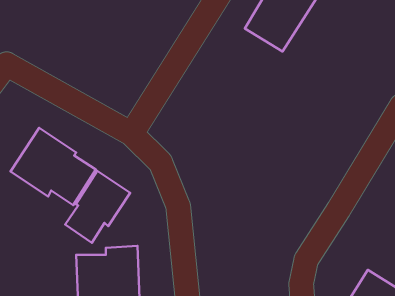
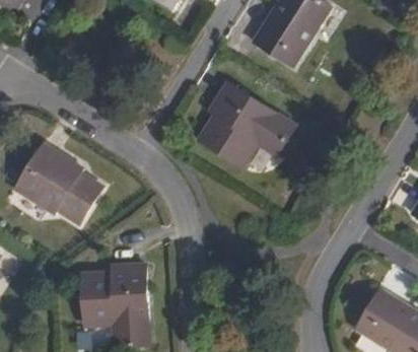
building: none -> [199,83,295,167]
building: [65,171,130,243] -> none

